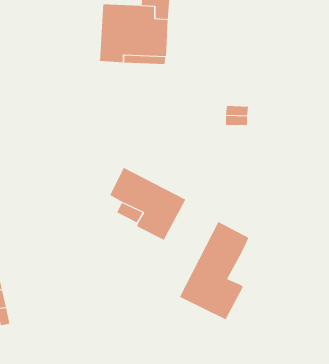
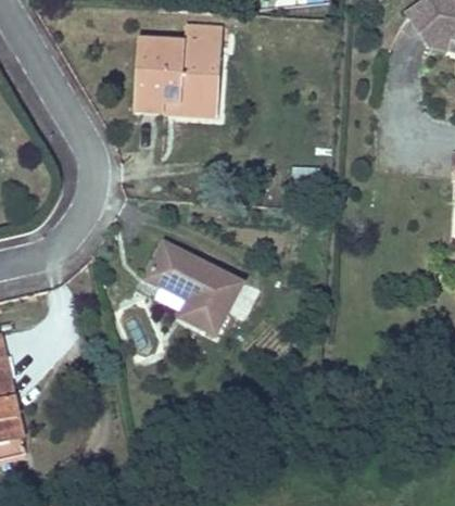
building: [179,221,249,320] -> none

